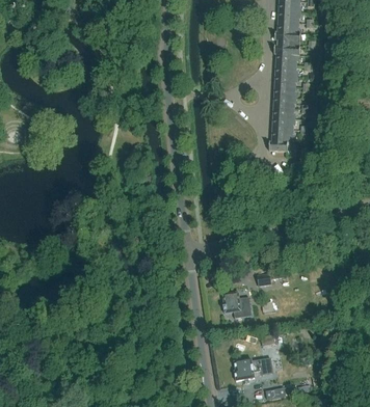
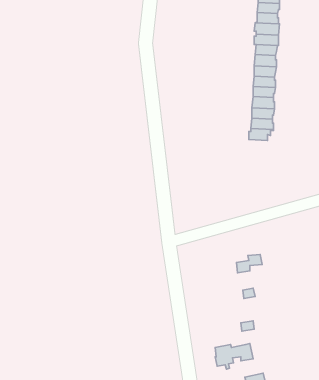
building: [222,293,253,319] -> none

